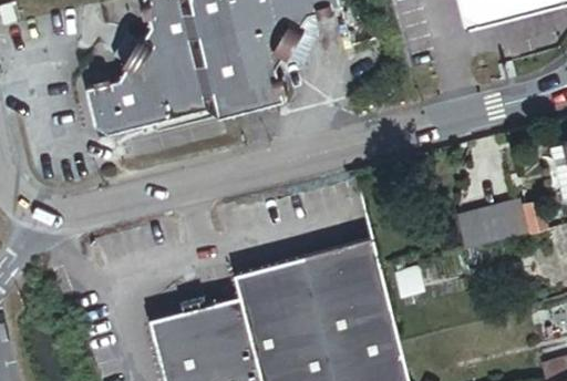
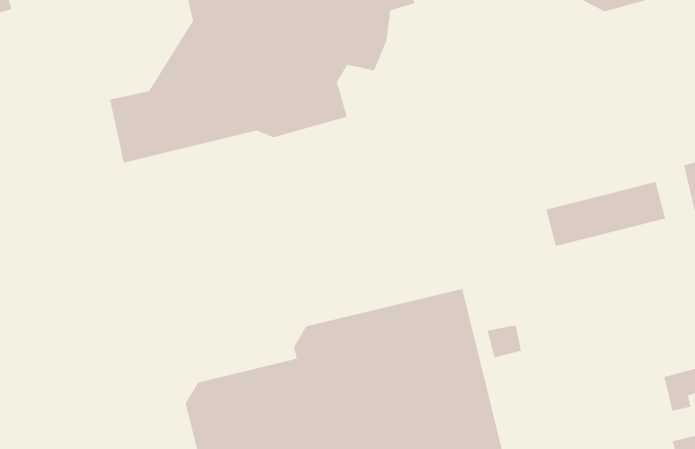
building: [447,197,543,249] -> [545,181,666,247]

